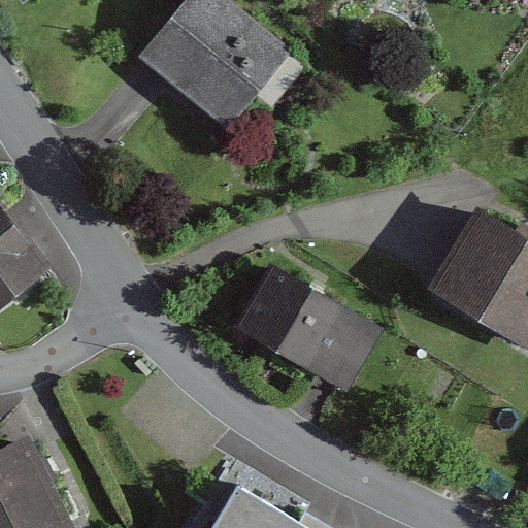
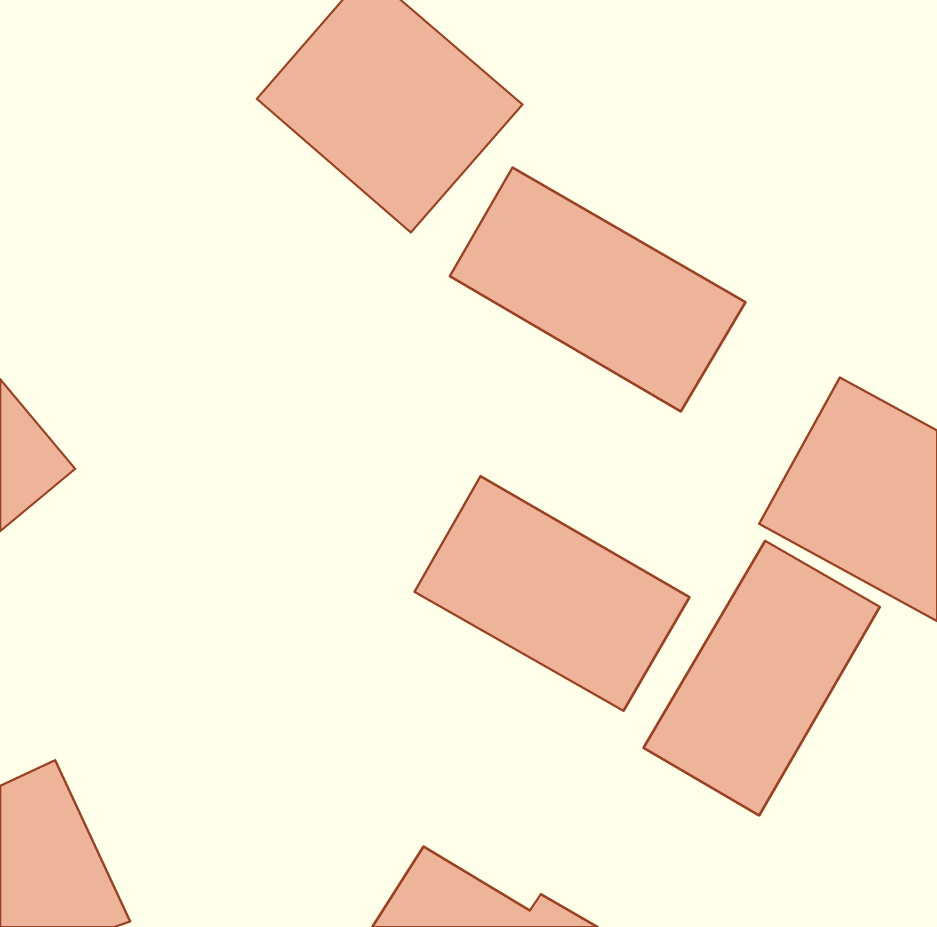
building: none -> [450,167,745,412]
building: none -> [643,541,880,816]

